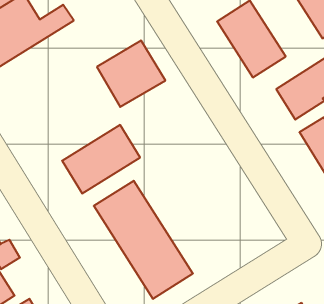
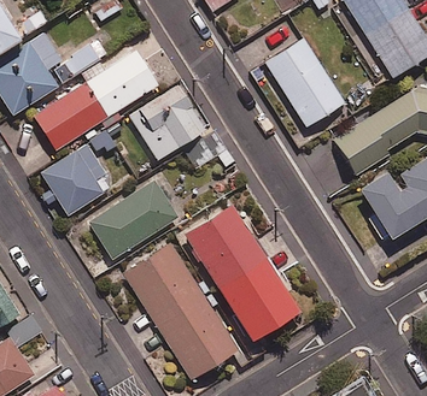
building: none -> [34,51,158,150]
building: none -> [41,143,113,215]
building: none -> [185,206,302,343]

